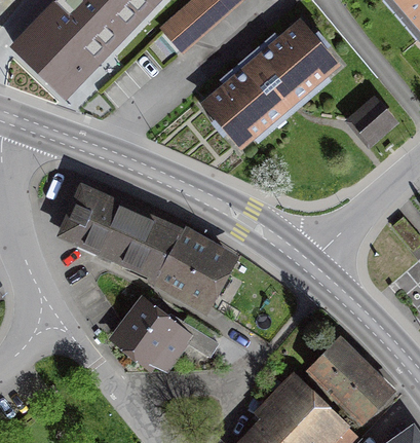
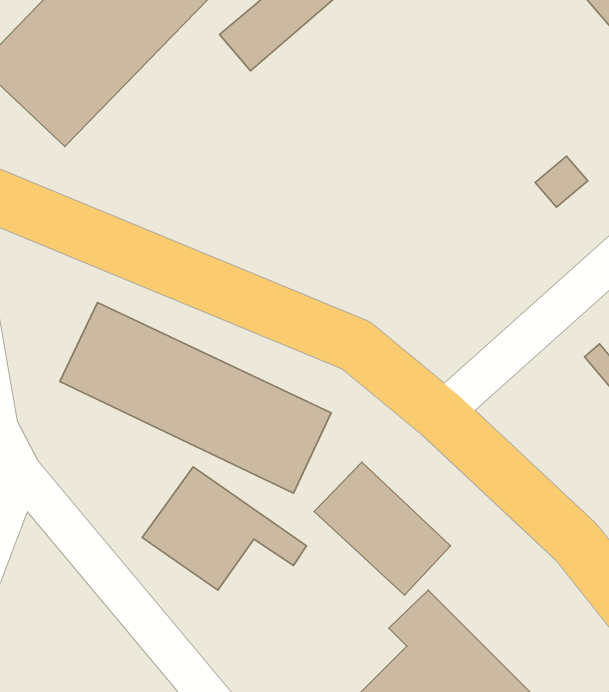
building: [207,22,335,141] -> none
building: [307,341,392,424] -> [314,462,451,595]

